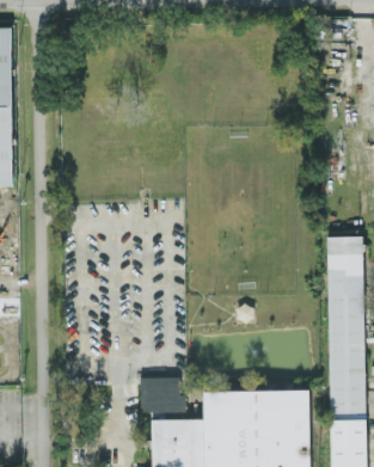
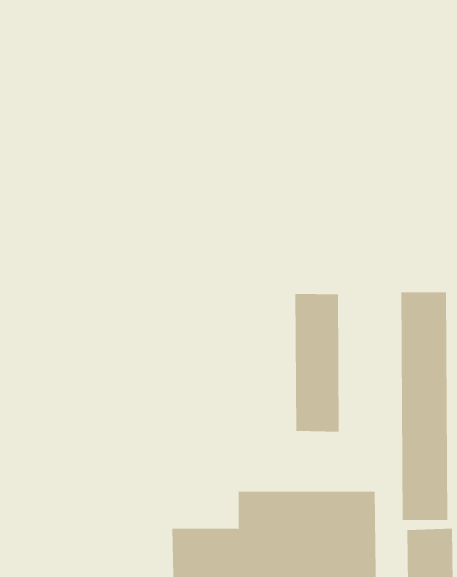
building: none -> [295,293,339,432]
building: [140,377,186,413] -> none

